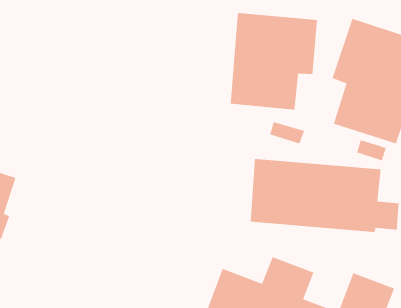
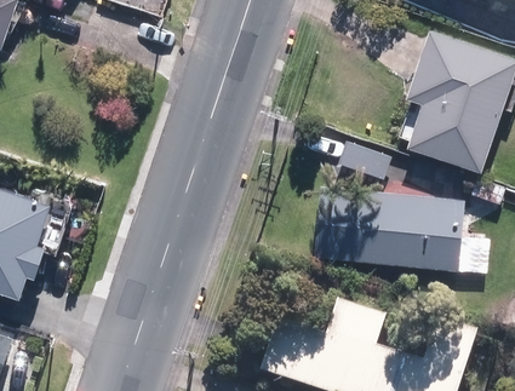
building: [230,12,318,111] -> none

